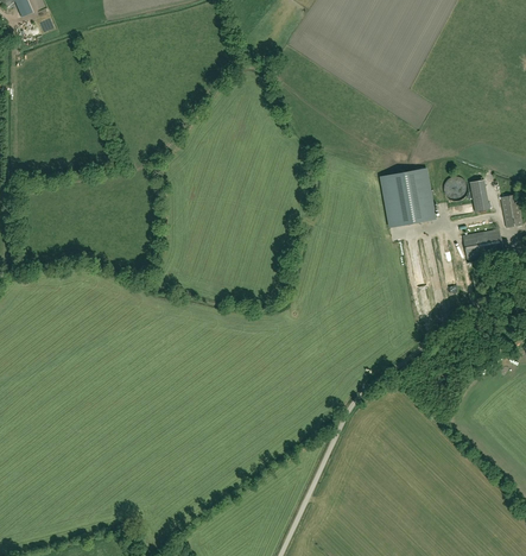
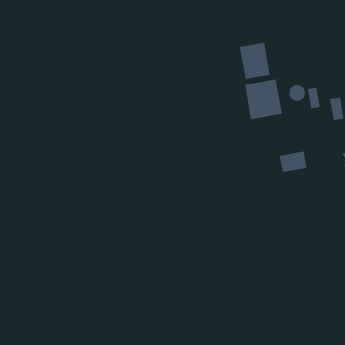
building: none -> [239,42,270,80]
building: [462,228,502,259] -> [279,151,307,173]

